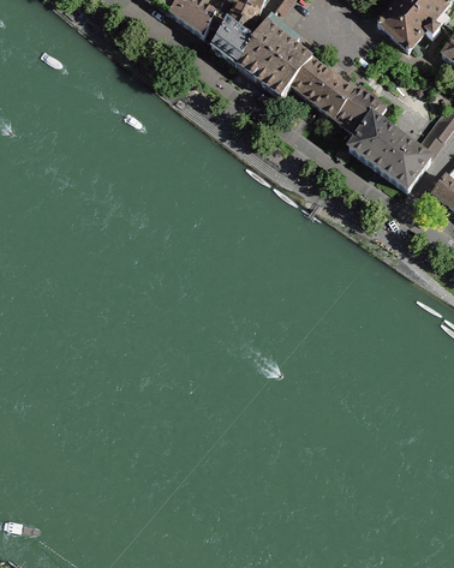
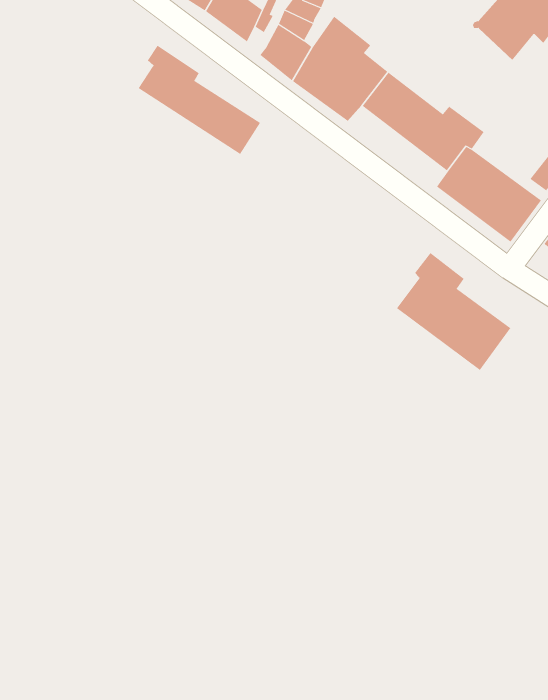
building: none -> [138,45,261,155]
building: none -> [396,252,511,371]

